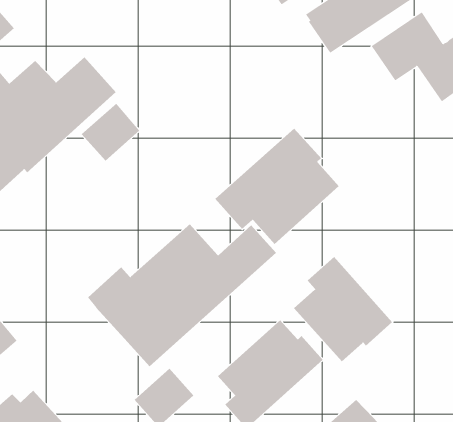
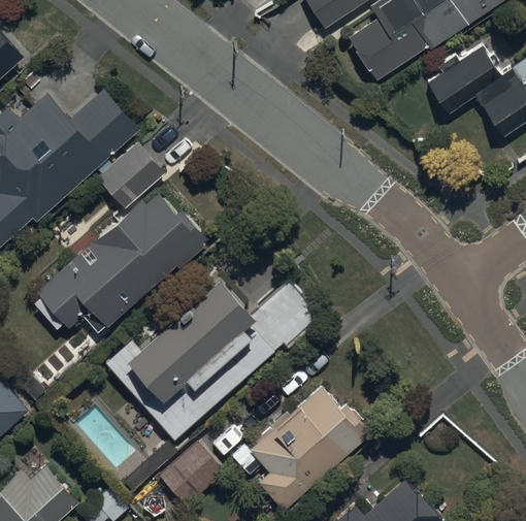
building: [214,128,340,245] -> none
building: none -> [34,193,208,334]
building: [293,256,393,362] -> none

